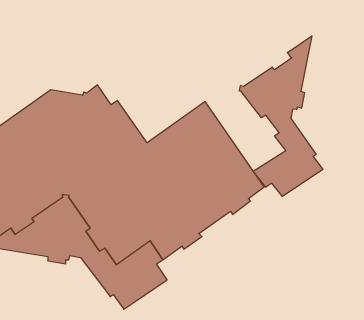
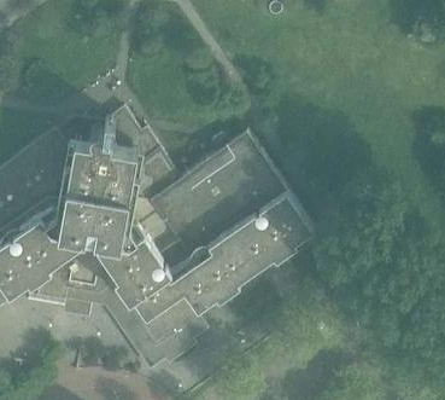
building: [239,36,323,196] -> none

